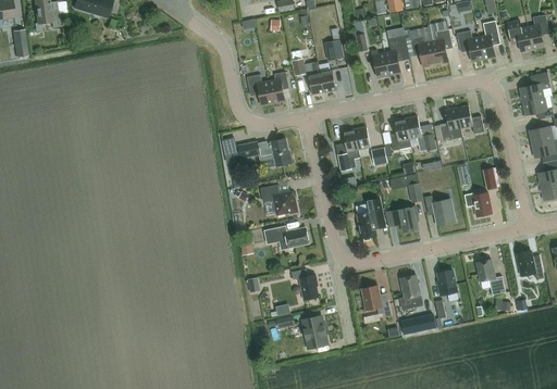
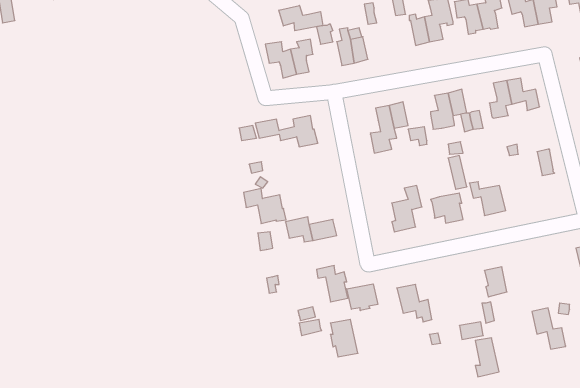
building: none -> [279,5,323,31]
building: [260,185,297,215] -> [244,189,286,224]
building: [463,192,492,216] -> none
building: [475,259,505,294] -> [532,308,566,349]
building: [400,275,421,309] -> [475,338,499,377]
building: none -> [347,284,378,311]

